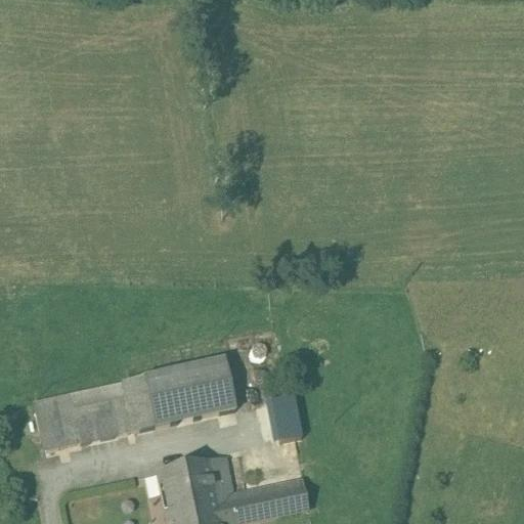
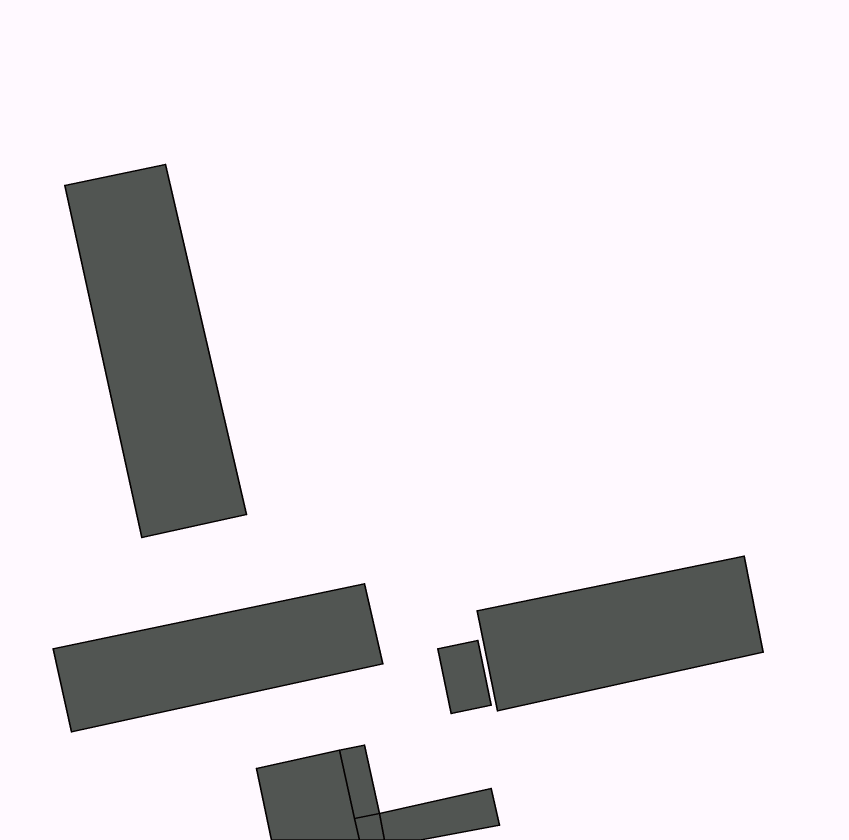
building: none -> [65,164,247,537]
building: none -> [477,556,763,711]

